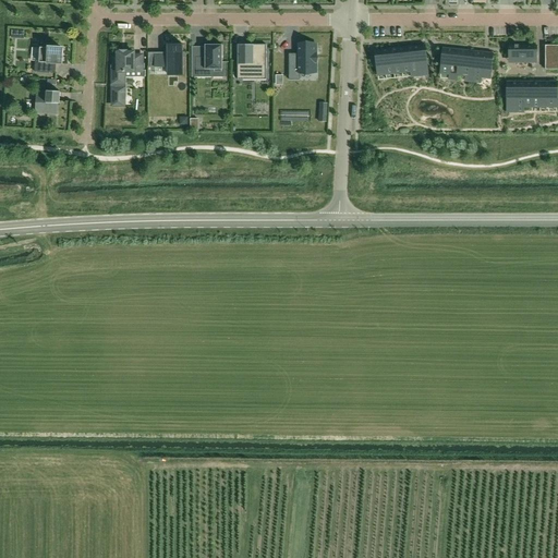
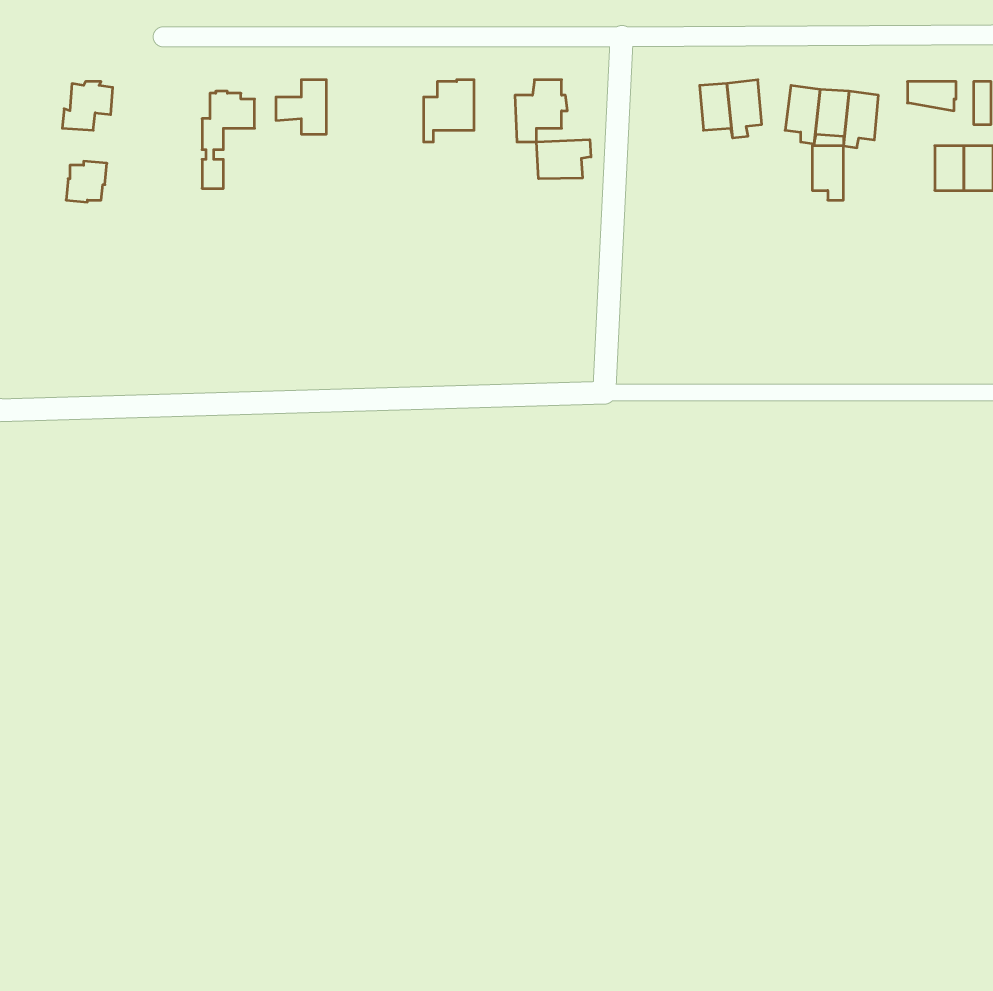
building: [190,46,222,78] -> none
building: [372,49,395,76] -> none
building: none -> [536,140,591,179]
building: [507,83,524,113] -> [812,146,843,200]

